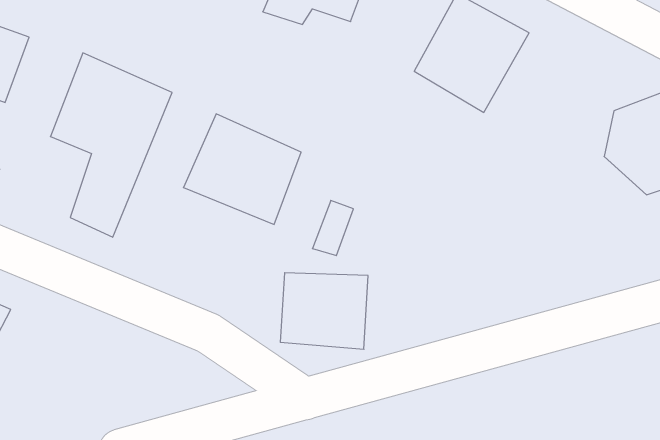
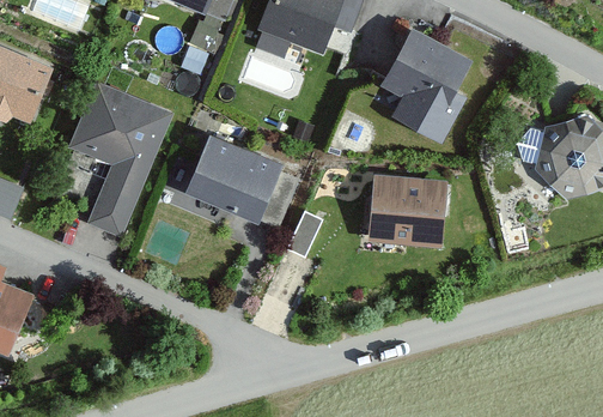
building: [280,273,368,349] -> [368,181,443,246]

